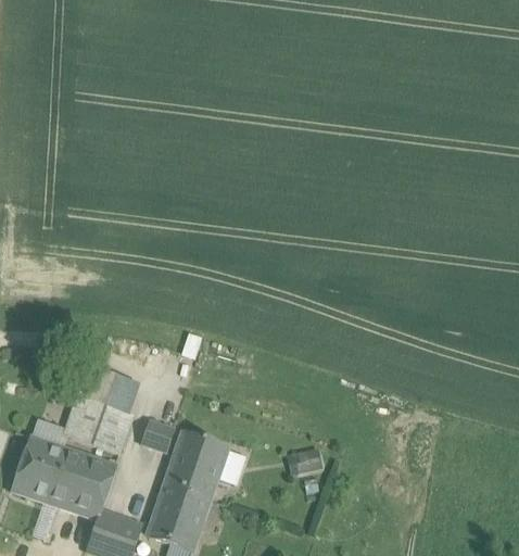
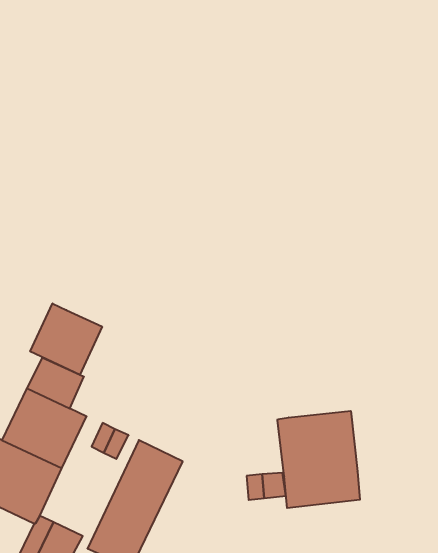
building: none -> [30,303,102,375]
building: none -> [278,411,360,508]

